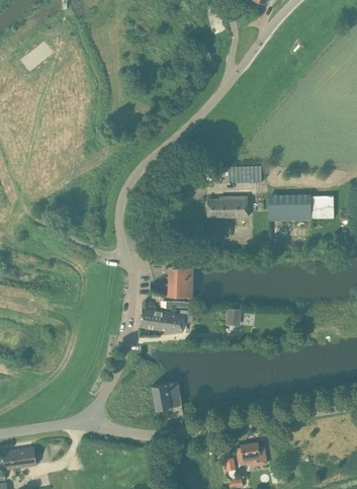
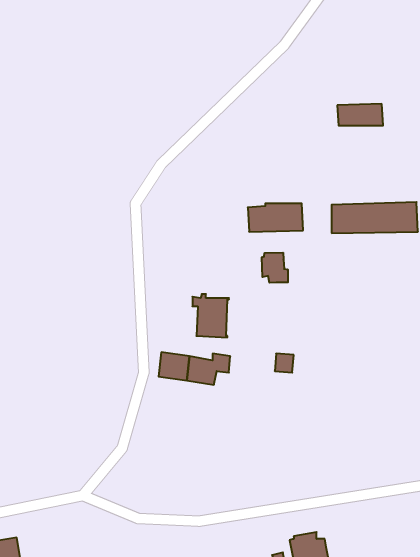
building: [228,166,262,182] -> [337,104,383,126]
building: none -> [262,253,288,283]
building: [152,381,181,410] -> none

